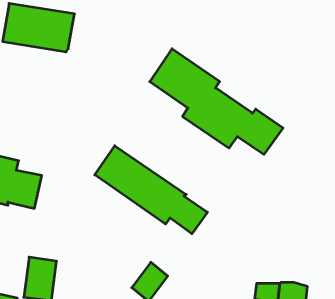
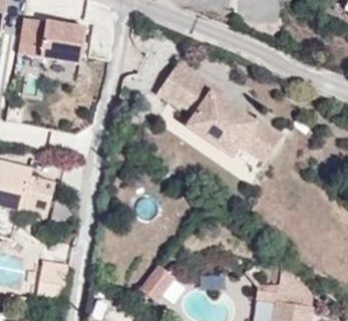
building: [95,146,207,234] -> none

